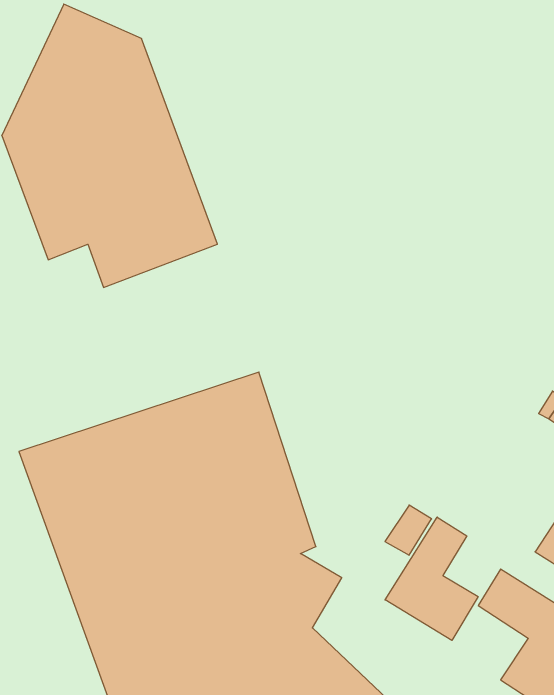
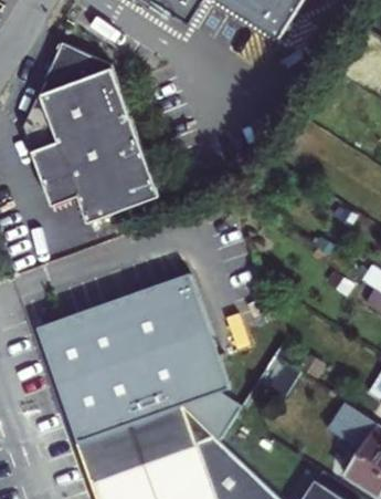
building: [385,517,478,640] -> none

